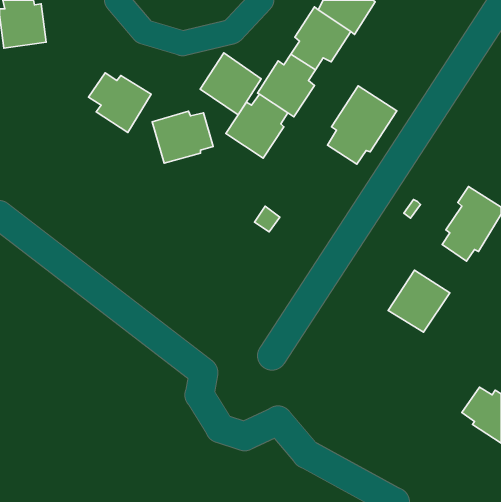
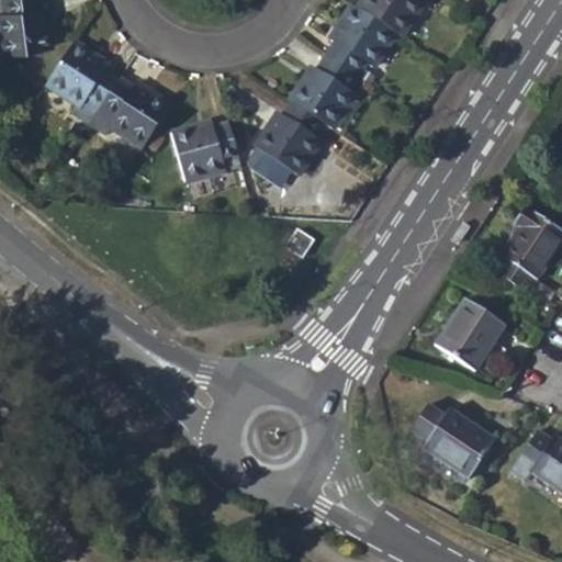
building: none -> [46,44,117,109]
building: [200,53,261,115] -> none
building: [328,86,397,164] -> none
building: none -> [407,405,492,480]

